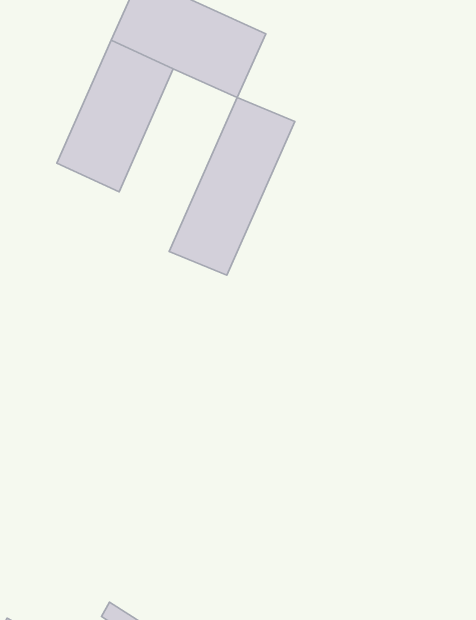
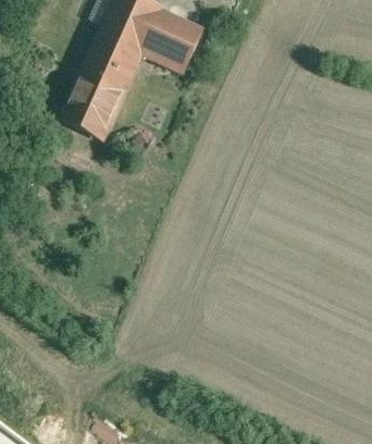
building: [169,98,295,275] -> none

